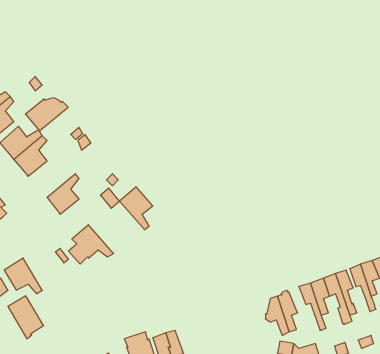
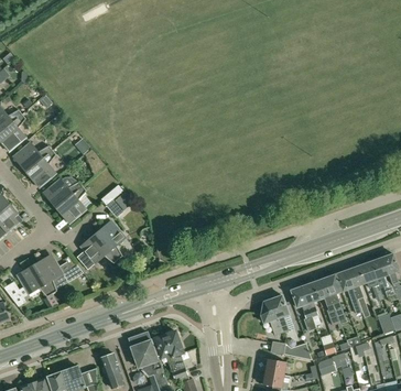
building: [25,98,68,131] -> [43,176,83,207]
building: [119,187,153,230] -> [95,219,126,259]
building: [8,296,44,339] -> [34,253,67,293]

